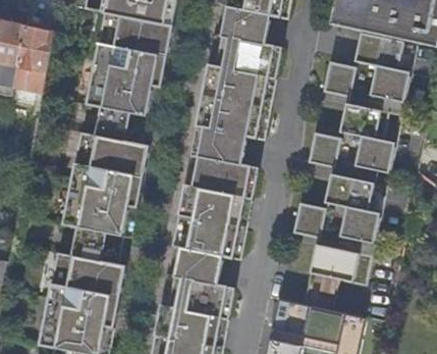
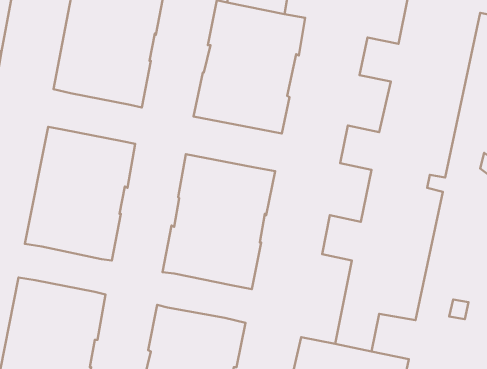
building: [91,107,144,145] -> none
building: [187,125,247,165] -> none
building: [69,227,121,263] -> none
building: [173,249,223,284] -> none

